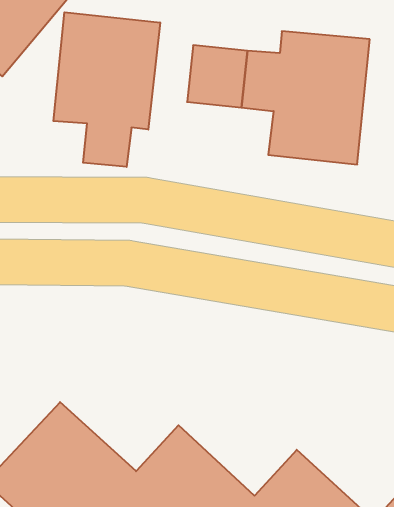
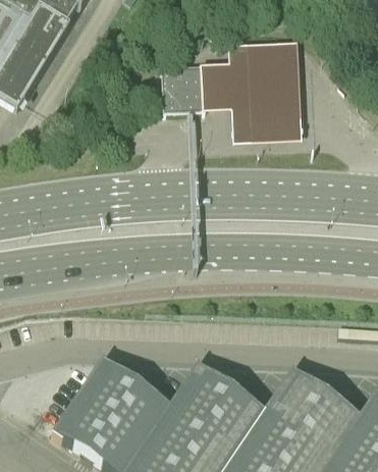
building: [53,12,160,167] -> none

